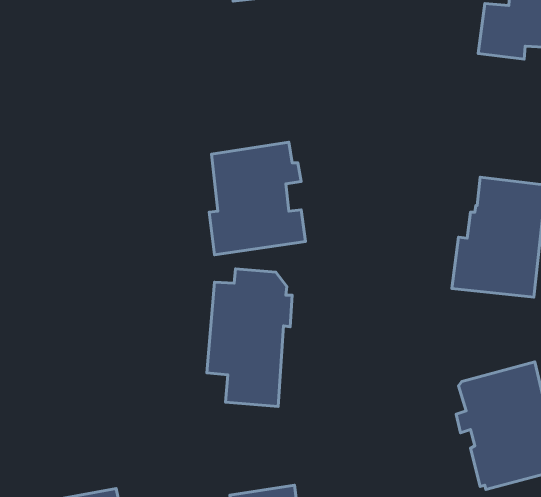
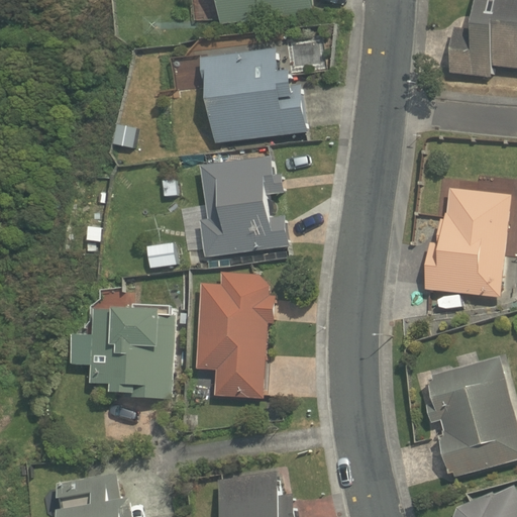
building: none -> [200,47,306,143]
building: none -> [89,306,175,399]

